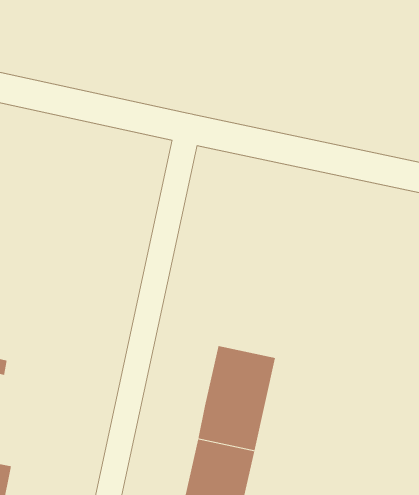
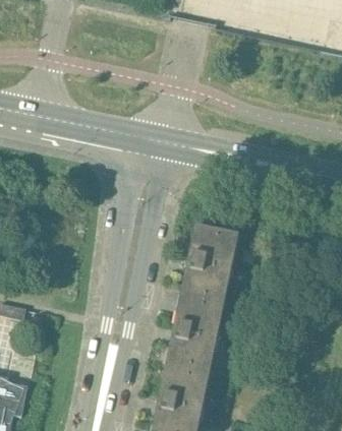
building: none -> [180,230,237,306]

